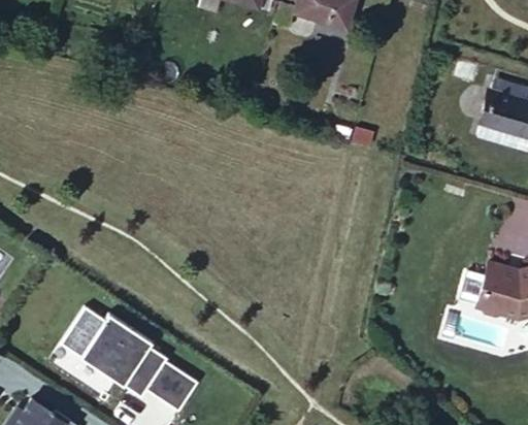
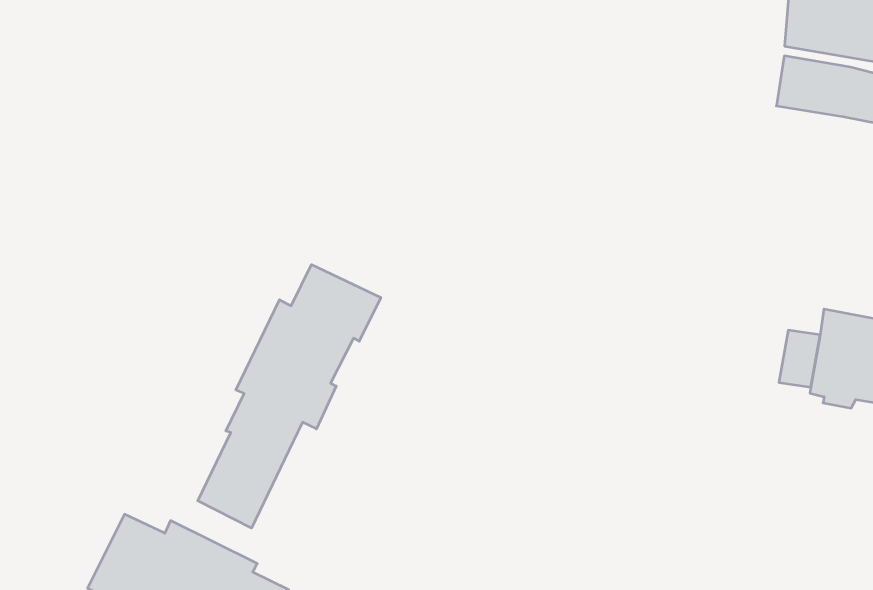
building: none -> [198,265,381,528]

